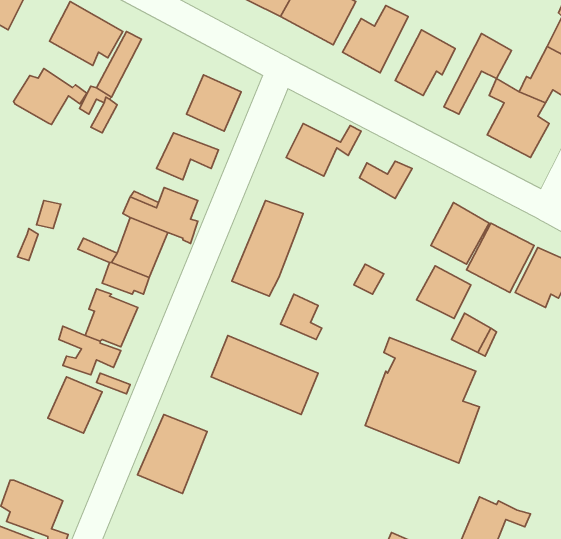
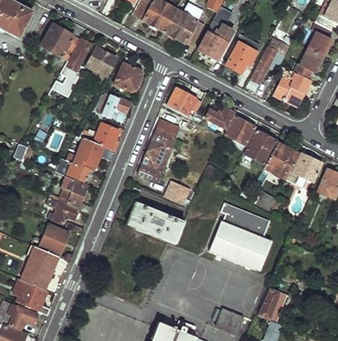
building: none -> [86,40,116,75]
building: [14,69,87,125] -> none
building: [416,266,471,318] -> [225,117,255,145]
building: [138,415,207,493] -> [21,246,58,289]

